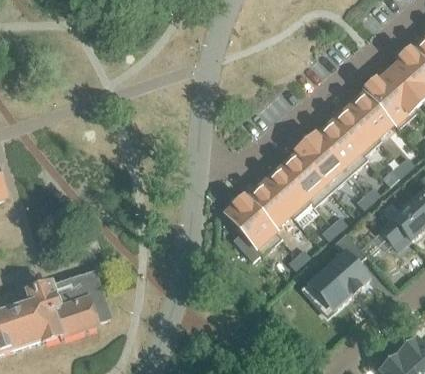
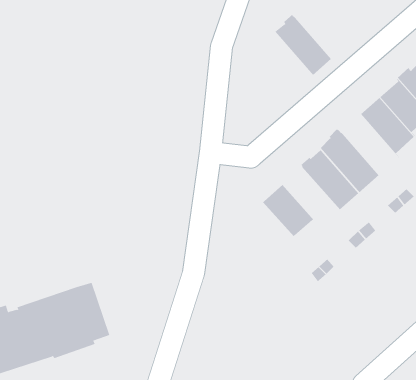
building: [315,119,366,174] -> [275,14,332,76]
building: [263,167,314,217] -> none
building: [227,195,282,255] -> none
building: [302,233,367,314] -> none

